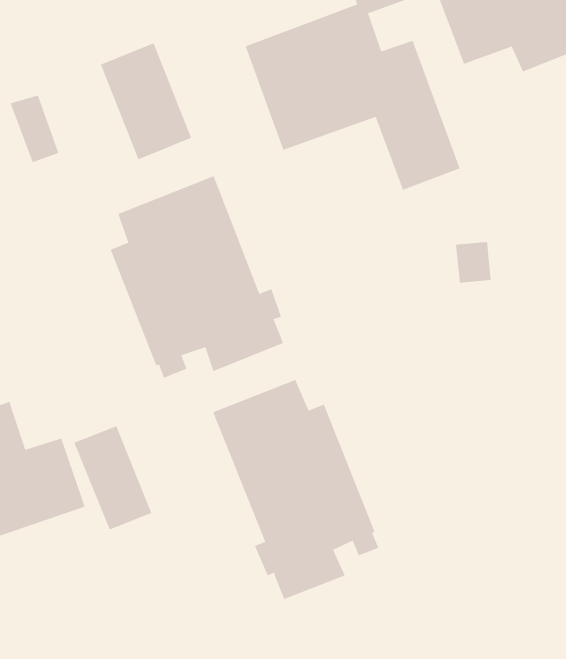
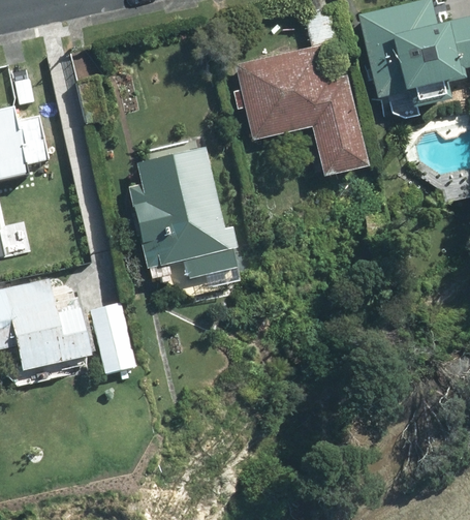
building: [100,42,192,160] -> none
building: [213,379,379,600] -> none

